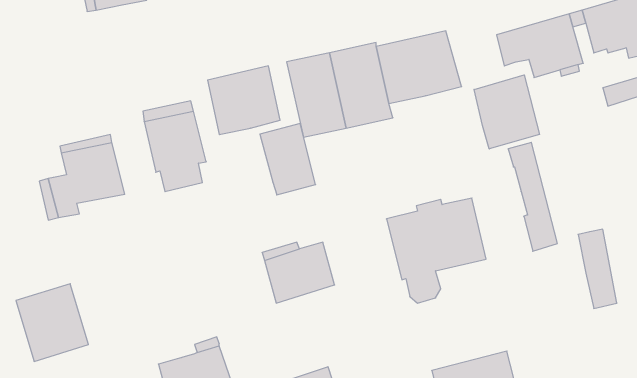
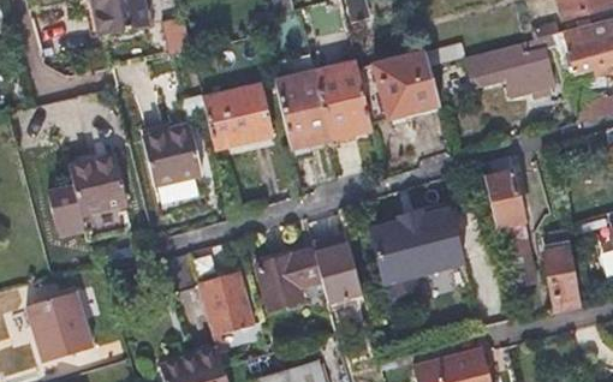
building: [474,75,539,149] -> none
building: [260,124,316,195] -> [310,234,362,300]
building: none -> [196,271,252,333]

